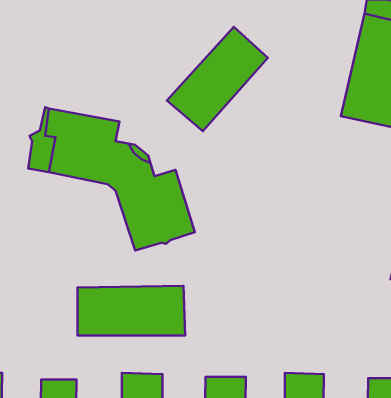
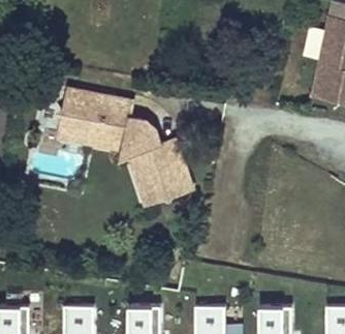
building: [167,27,268,131] -> none
building: [77,286,185,336] -> none

